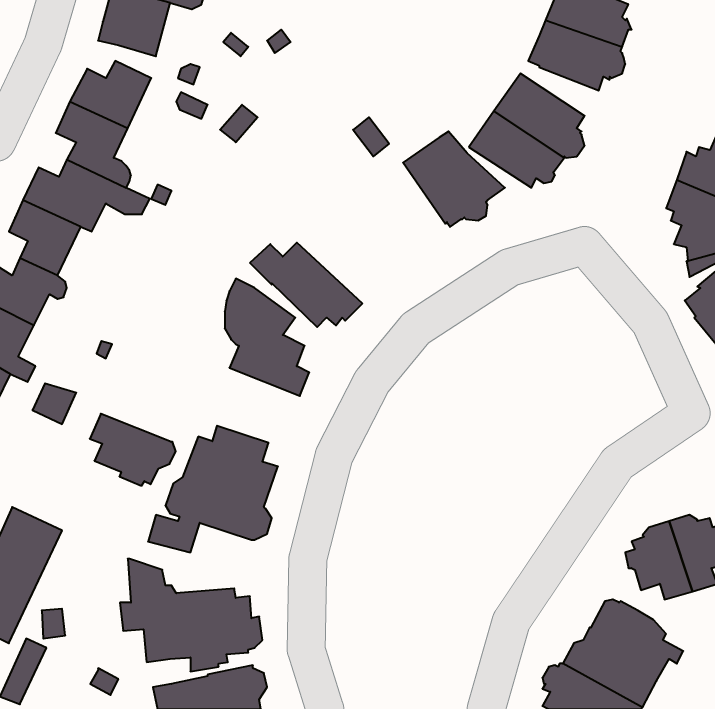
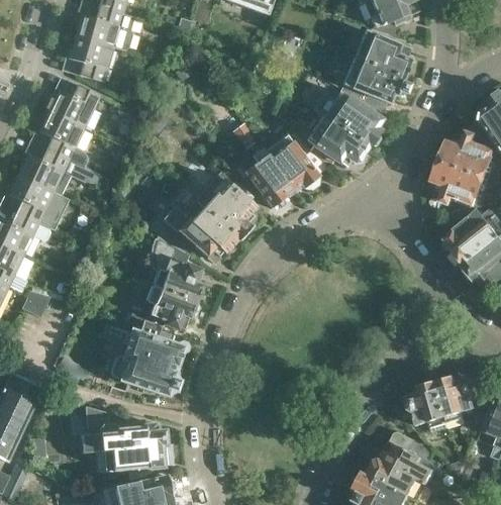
building: none -> [238,148,290,208]
building: none -> [192,165,258,241]
building: [90,414,176,486] -> [143,283,199,329]

